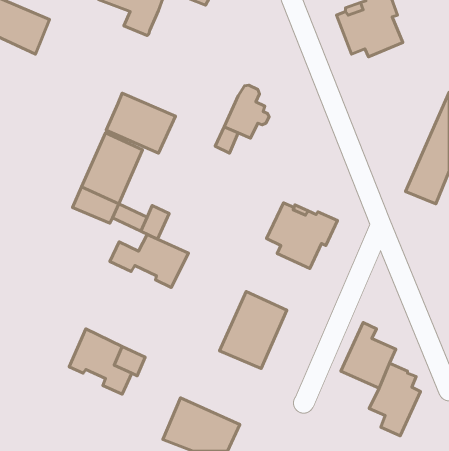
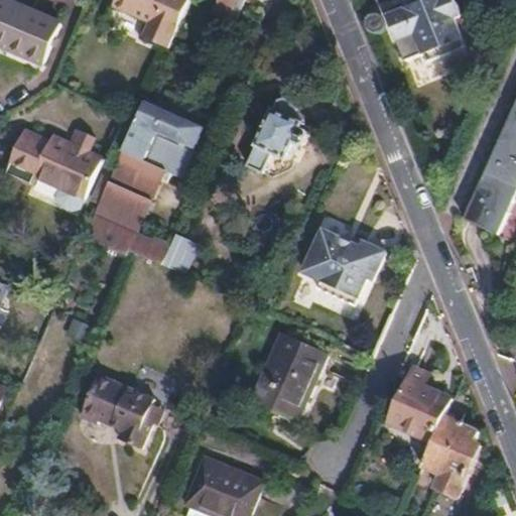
building: none -> [6,124,101,206]
building: [110,235,189,288] -> none

